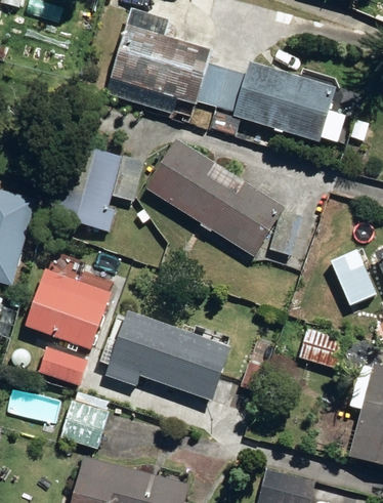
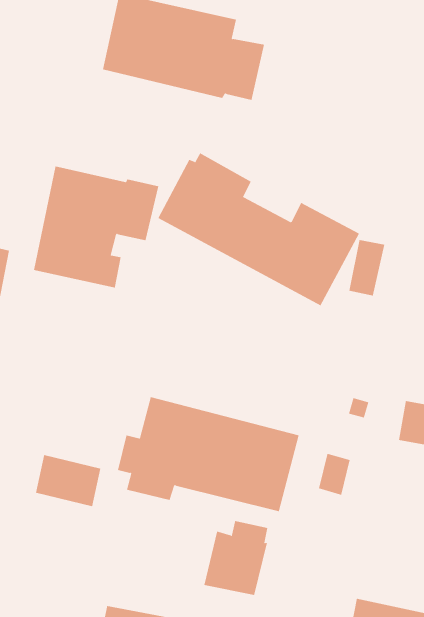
building: [216,61,335,143] -> none
building: [26,268,112,349] -> none
building: [61,394,111,449] -> [203,521,268,596]

